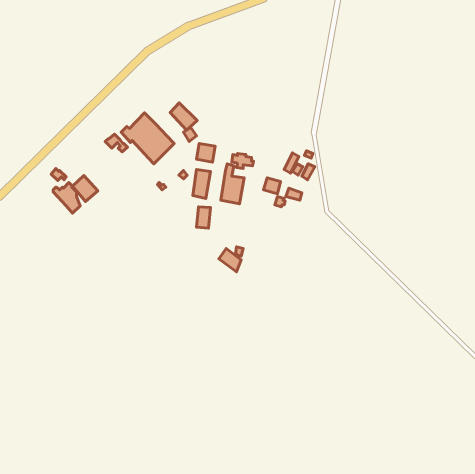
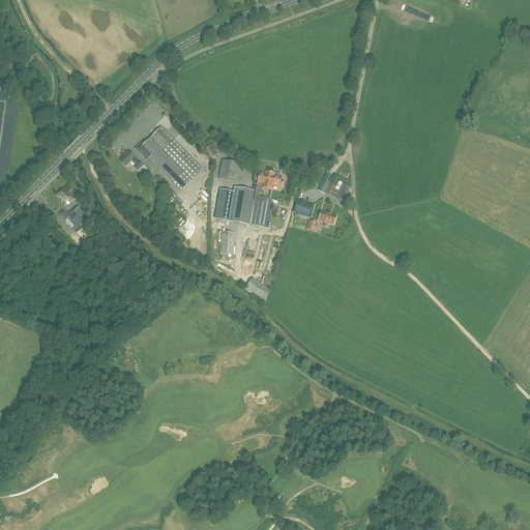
building: [170,103,197,130] -> none
building: none -> [229,186,251,223]
building: [73,176,98,202] -> none

